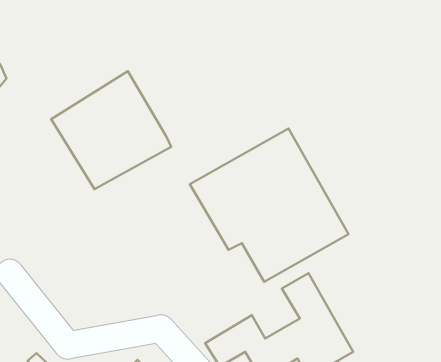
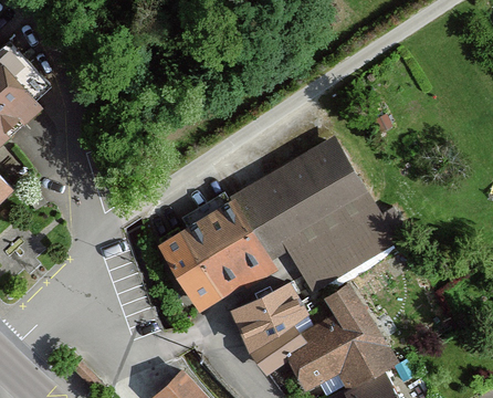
building: [51,71,171,189] -> [157,196,276,313]
building: none -> [228,282,311,354]

